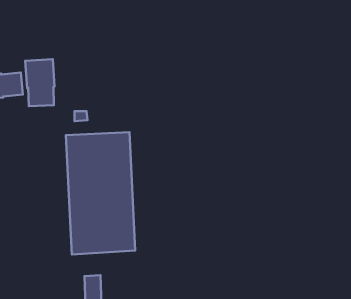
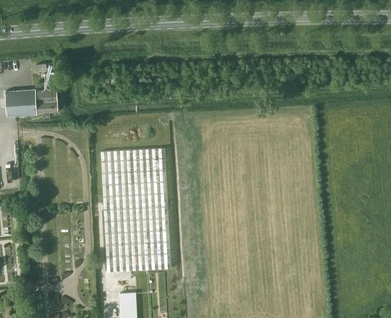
building: [25,59,55,106] -> none

